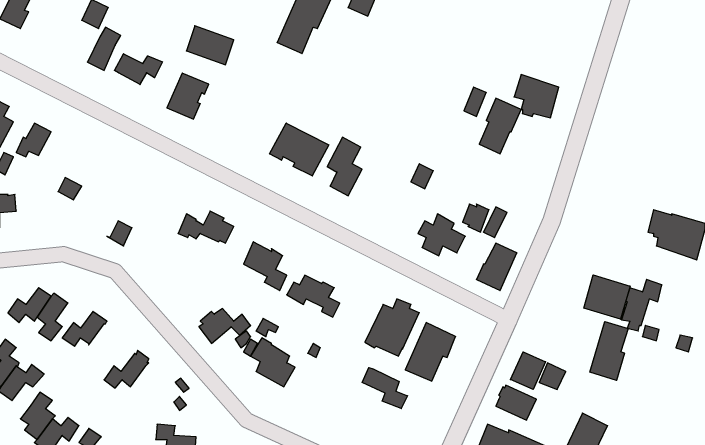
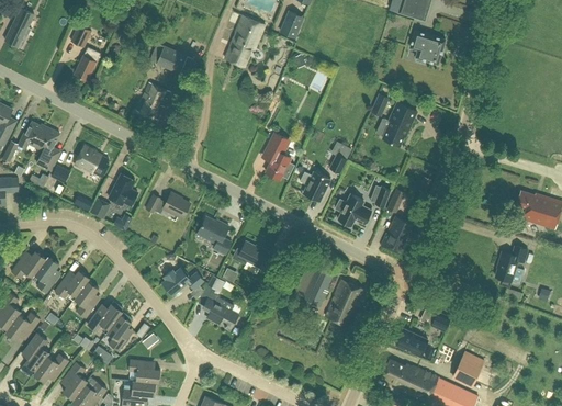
building: [114,54,162,85] -> none
building: [514,75,559,118] -> [408,30,443,64]
building: [270,123,329,176] -> none
building: none -> [35,128,60,170]
building: none -> [72,144,108,177]
building: none -> [304,170,333,202]
building: none -> [109,172,136,205]
building: [584,275,630,319] -> none
building: [590,322,628,380] -> none
building: none -> [72,280,98,318]
building: [510,352,546,389] -> none
building: none -> [105,313,131,351]
building: [362,368,408,409] -> none

